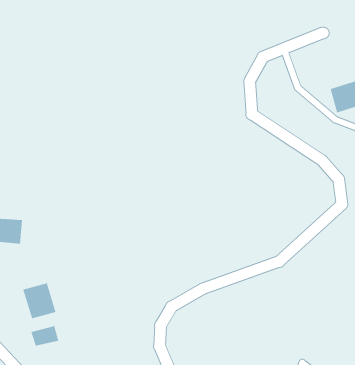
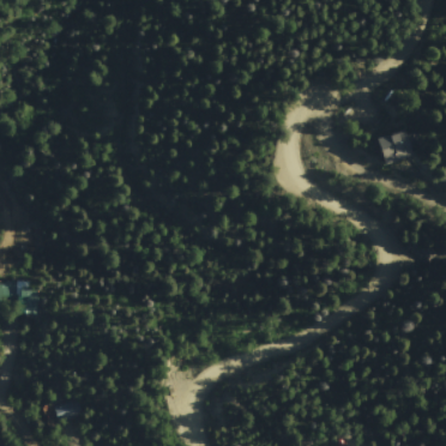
building: [22,282,56,319] -> none

